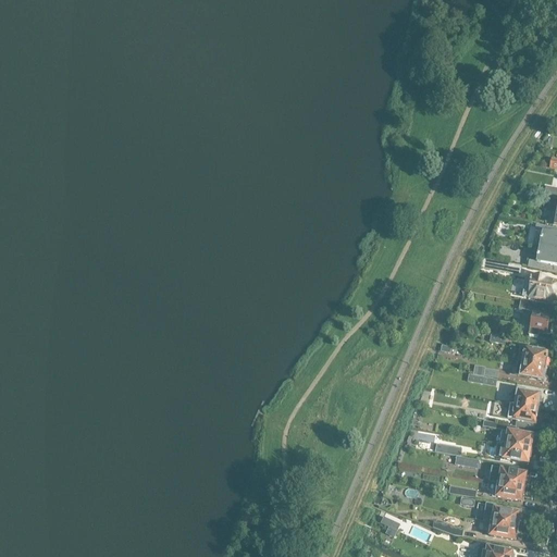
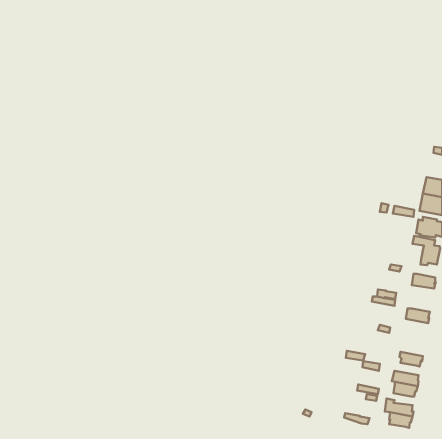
building: [515,359,546,379] -> none
building: [507,401,539,421] -> none
building: [498,421,533,448] -> none

